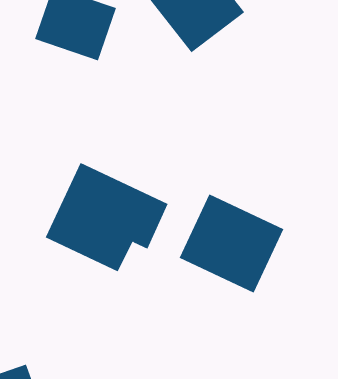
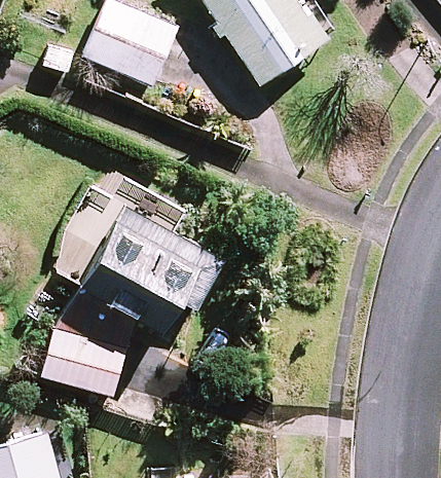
building: [179,193,284,294] -> none
building: none -> [39,329,126,397]

